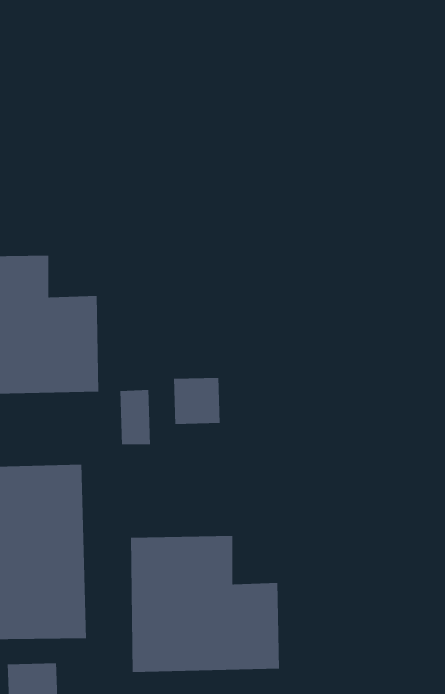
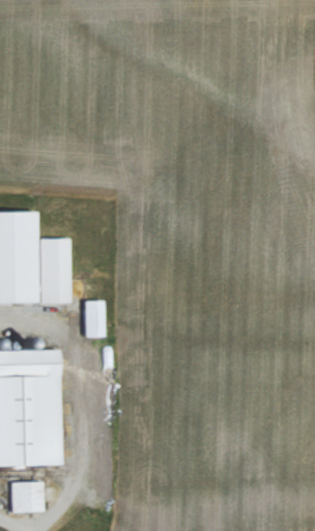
building: [173,377,220,425] -> none
building: [130,535,280,673] -> none

